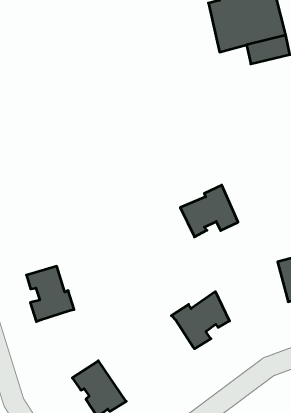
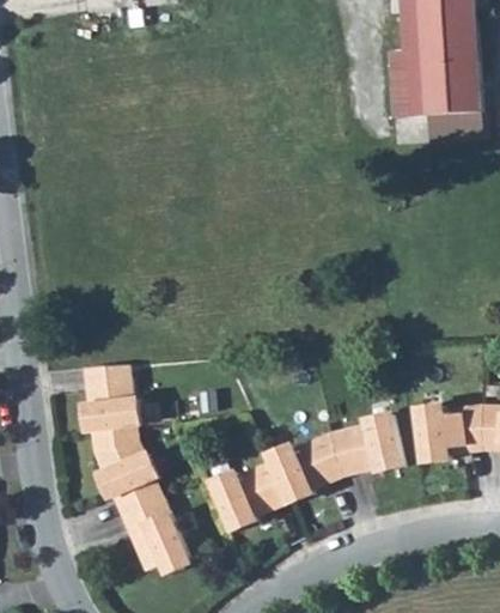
building: [180,185,238,237] -> [330,413,403,475]
building: none -> [93,425,159,499]
building: none -> [212,462,288,532]

